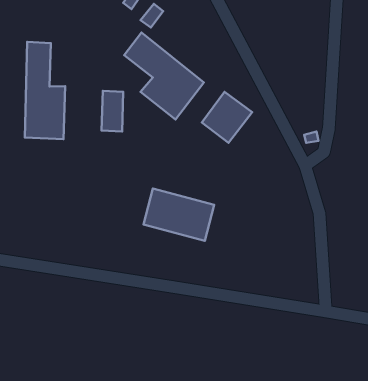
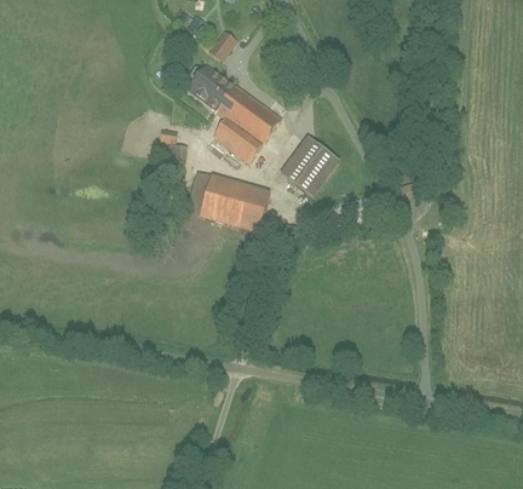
building: [25,42,65,139] -> none
building: [144,189,214,241] -> [185,169,269,231]

